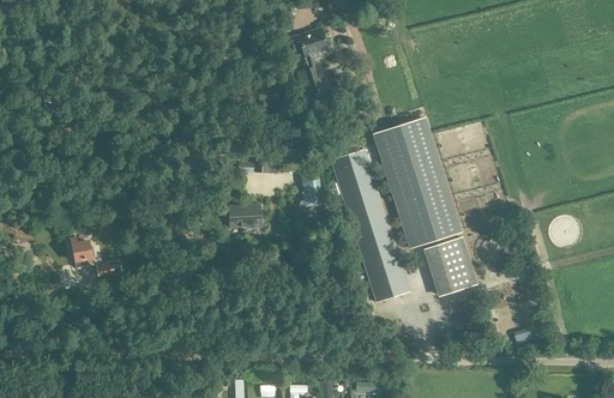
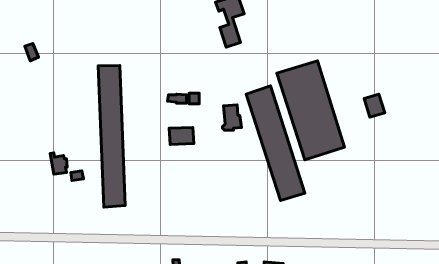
building: none -> [98,65,125,207]
building: none -> [364,94,385,117]
building: [426,239,475,296] -> none

